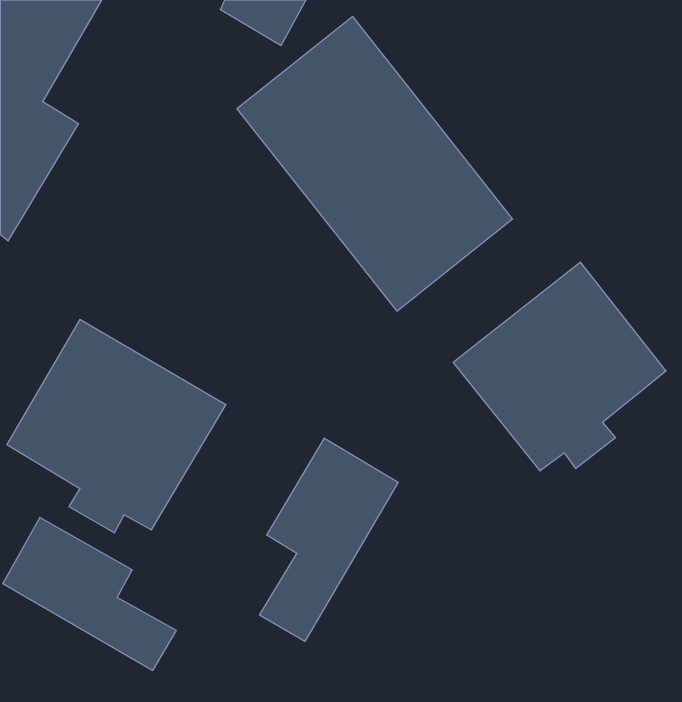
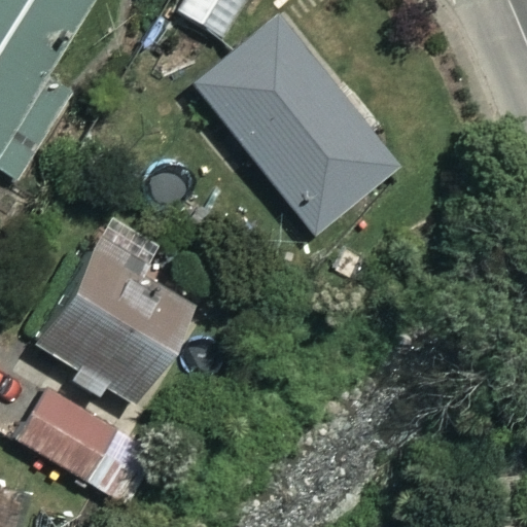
building: [453,262,666,471] -> none
building: [260,438,398,641] -> none

